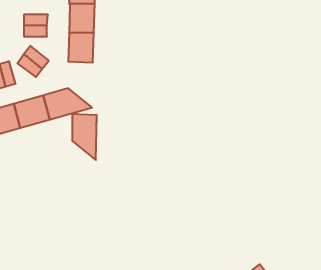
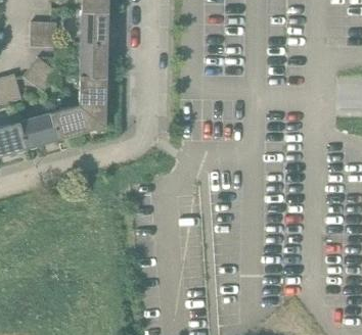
building: [72,114,97,160] -> [80,74,107,125]

